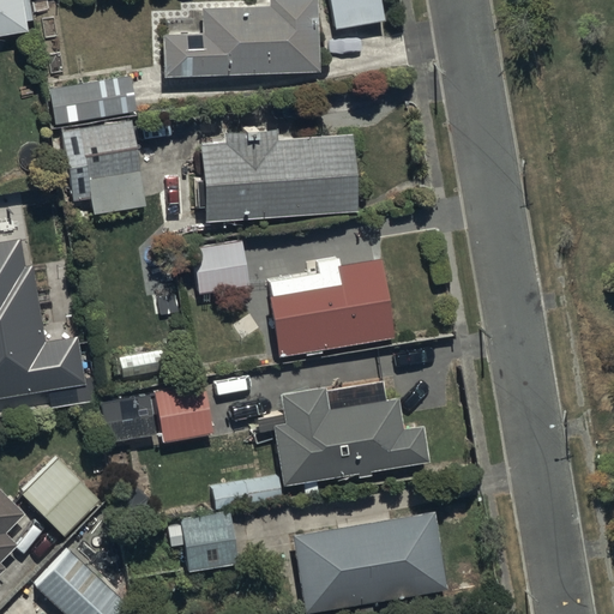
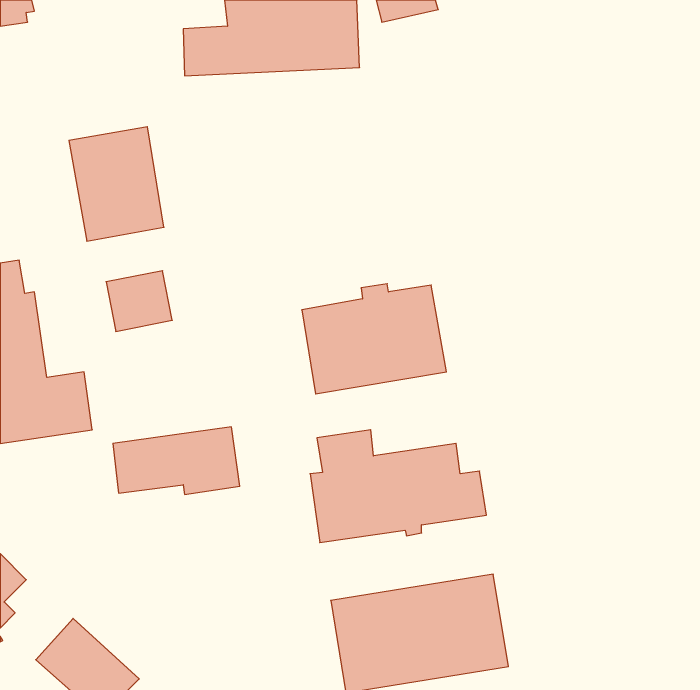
building: [49,78,136,127] -> none
building: [199,127,355,221] -> none
building: [192,243,249,296] -> [106,271,172,331]
building: [22,459,101,540] -> none
building: [168,512,239,574] -> none

